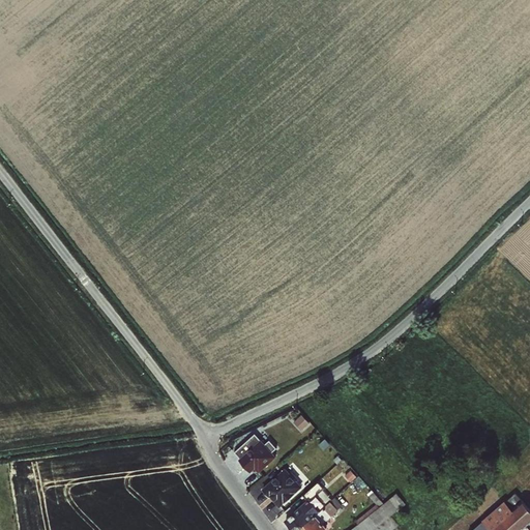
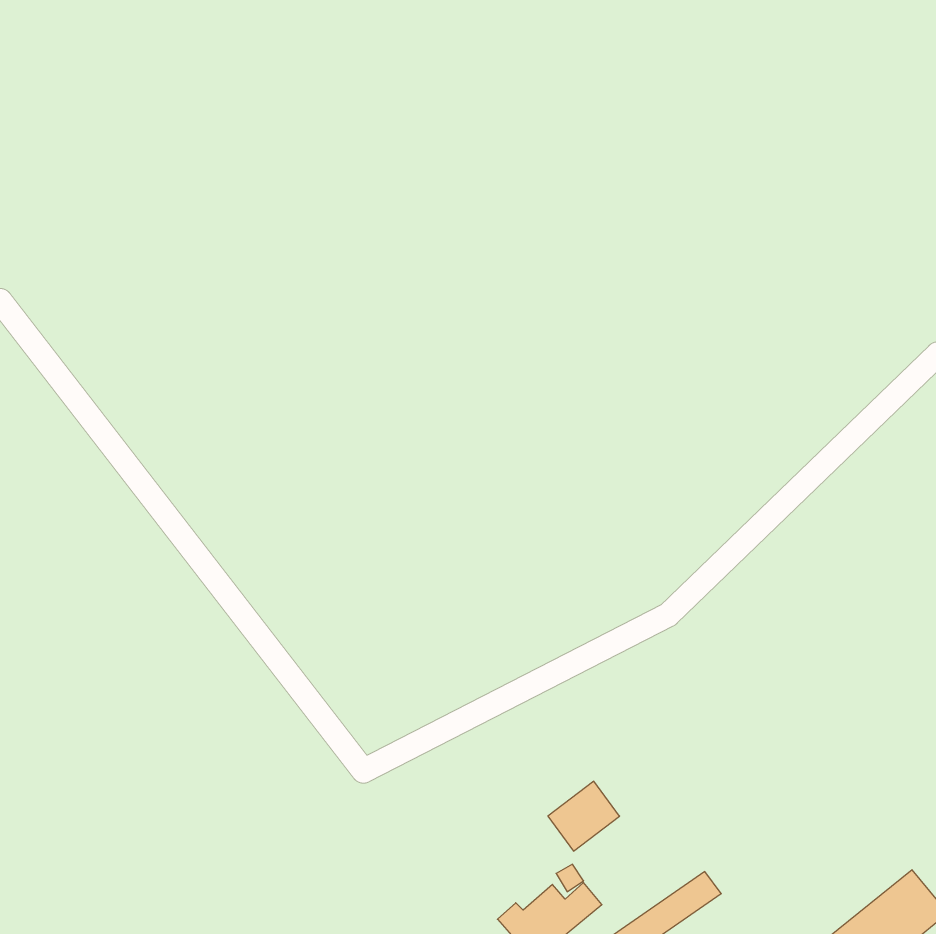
building: [231,432,277,474] -> none
building: [262,468,302,507] -> [548,781,620,851]

